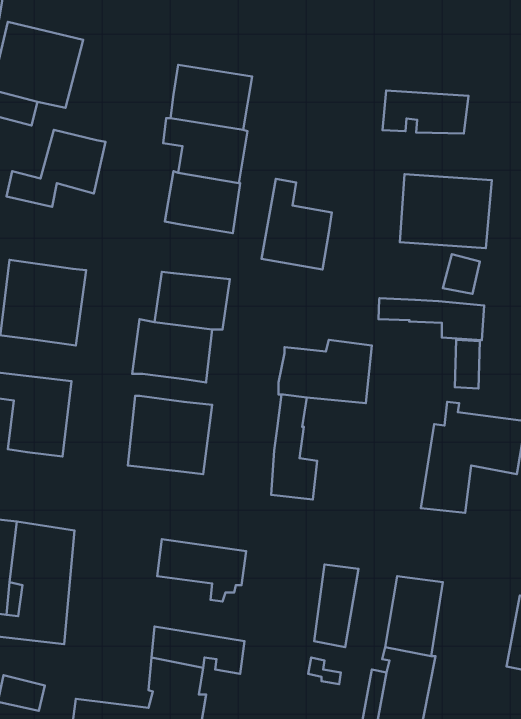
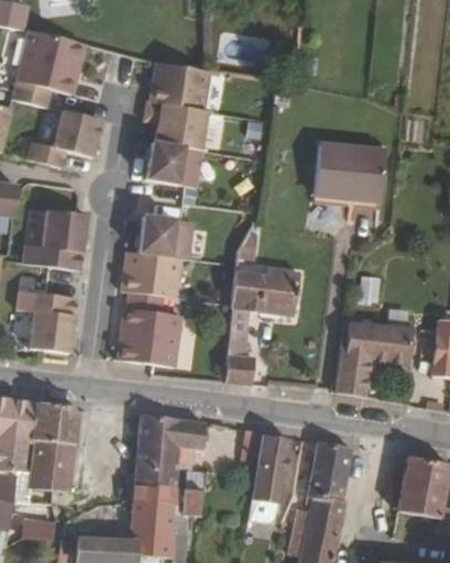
building: [383,90,468,134] -> none
building: [262,179,332,270] -> none
building: [378,298,484,340] -> none
building: none -> [136,442,206,490]

